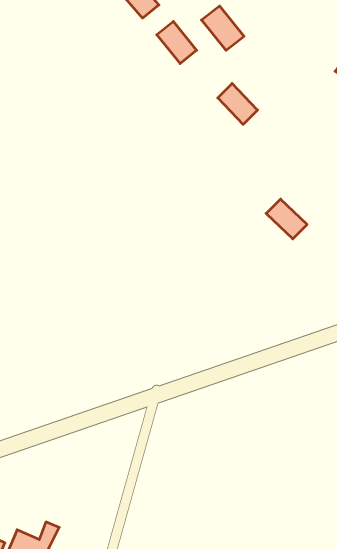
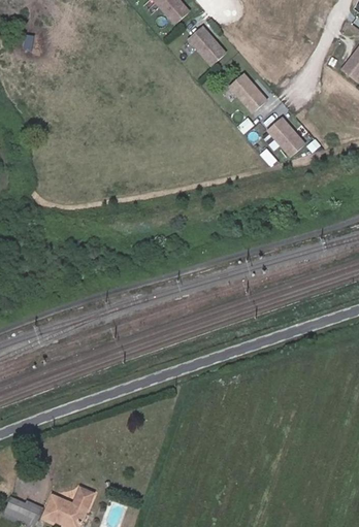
building: [201,6,244,50] -> none
building: [266,199,307,239] -> [276,122,315,159]

